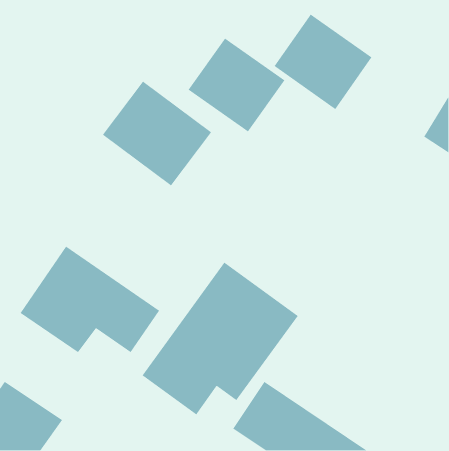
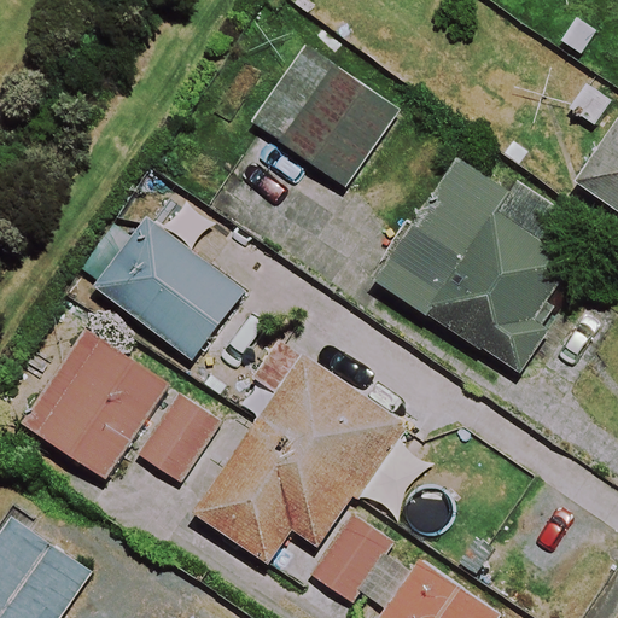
building: [273,13,372,110] -> none
building: [102,81,212,186] -> [95,214,245,357]
building: none -> [381,164,570,373]

